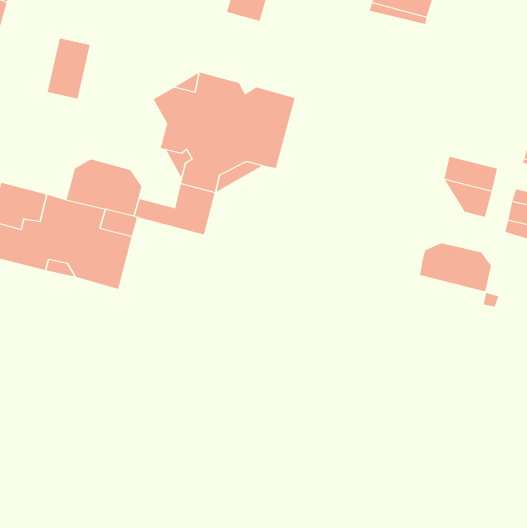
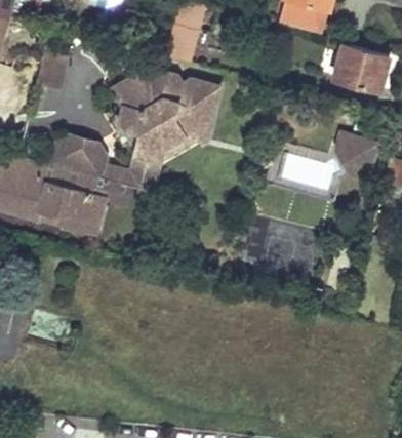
building: none -> [161,24,197,63]
building: none -> [333,43,389,90]
building: [419,243,492,292] -> none

